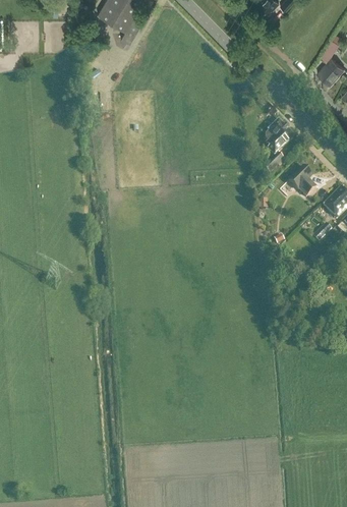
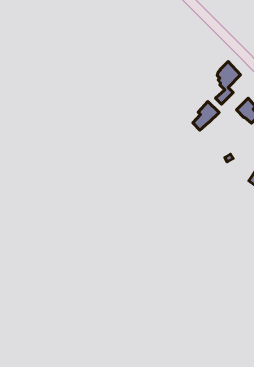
building: none -> [193,101,219,130]

